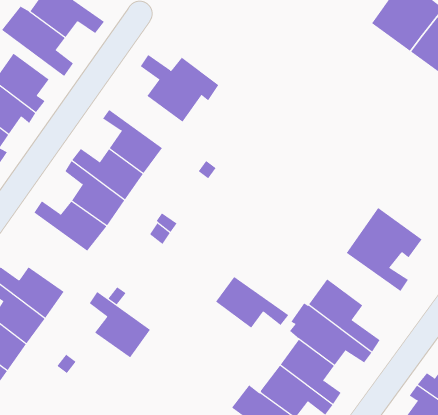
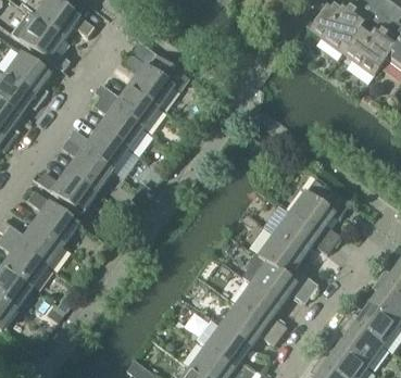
building: none -> [93,83,158,128]
building: [215,276,289,328] -> [274,213,334,255]
building: [89,291,151,358] -> [28,190,78,244]

